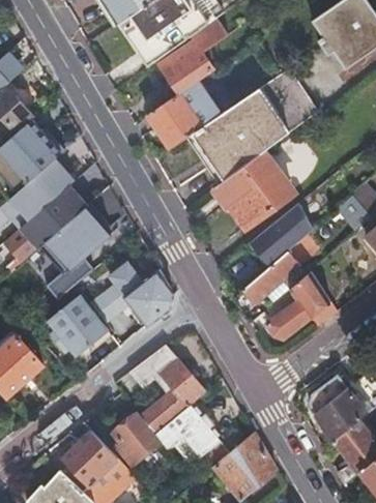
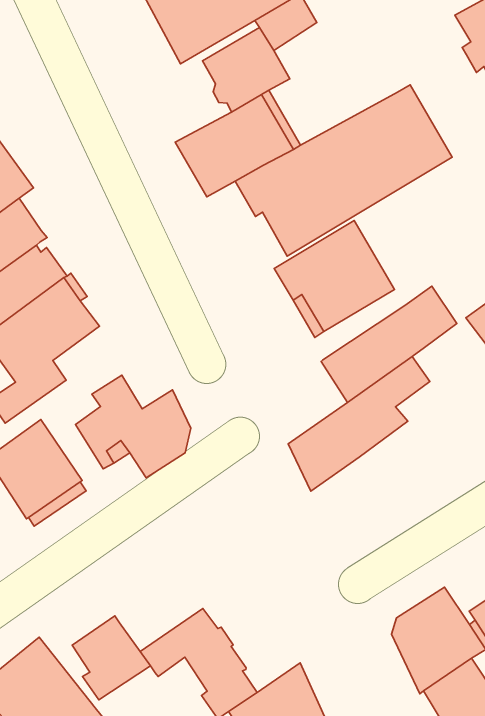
building: [264,273,329,339] -> none
building: [119,345,202,433] -> none

